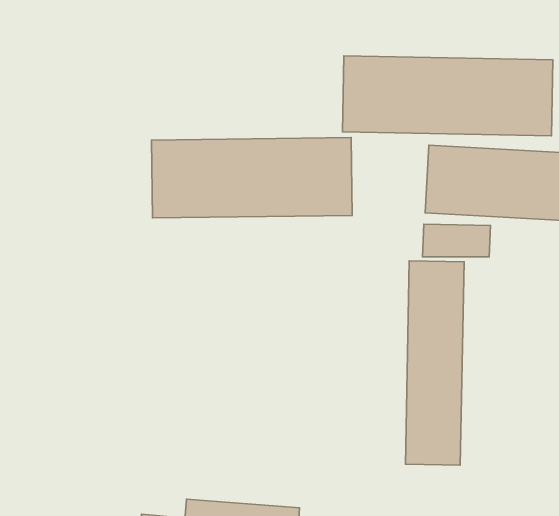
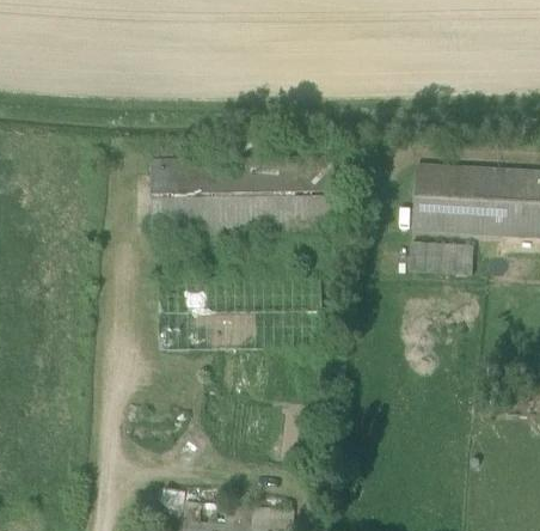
building: [342,56,553,136] -> none
building: [405,261,464,465] -> none

